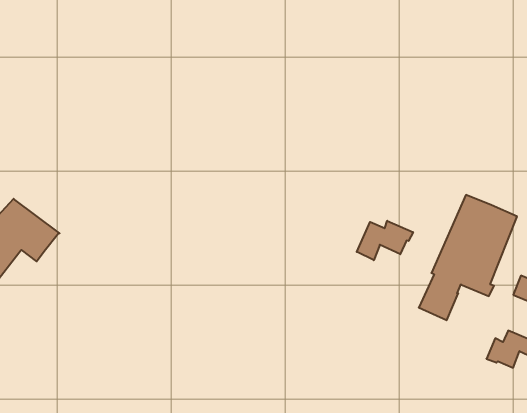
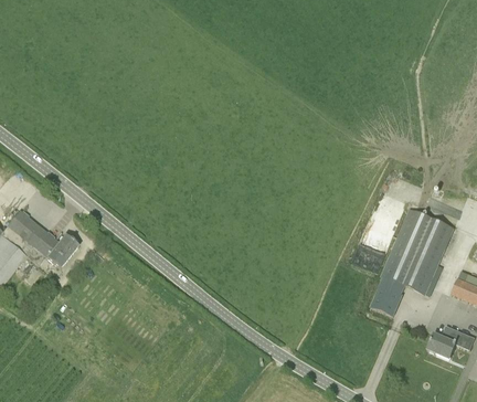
building: [357,221,413,260] -> none
building: none -> [45,234,77,267]

